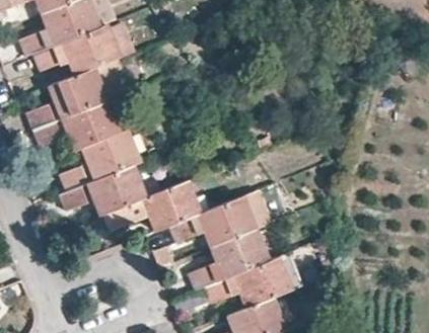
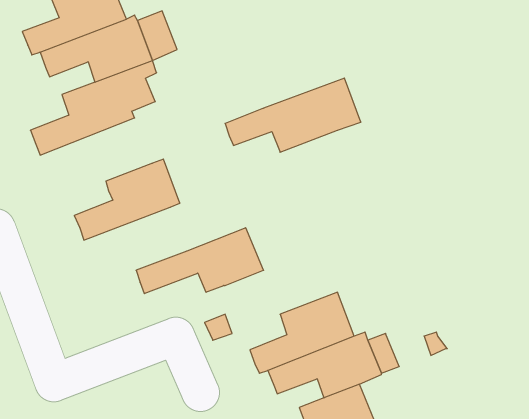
building: [34,101,118,151] -> none
building: [60,167,143,216] -> none
building: [171,191,272,246] -> [225,78,361,152]

